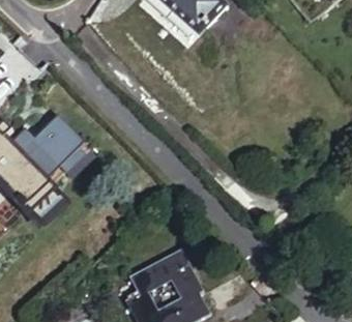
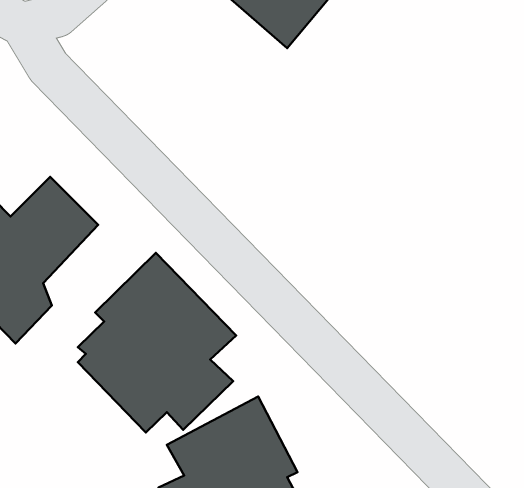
building: none -> [78,253,236,432]

